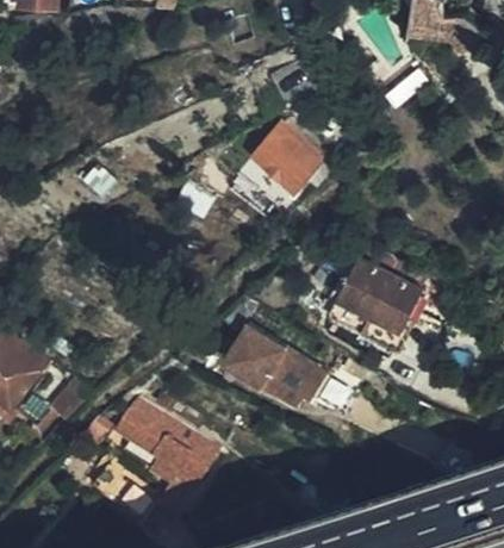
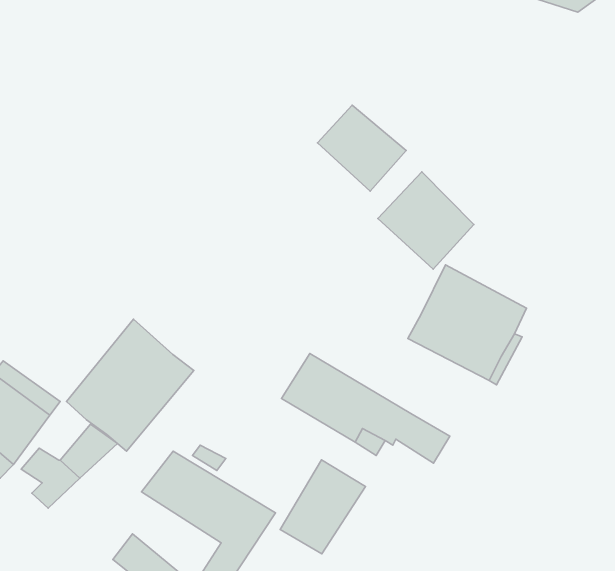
building: none -> [378,172,474,269]
building: none -> [66,319,194,451]
building: none -> [280,460,365,554]

